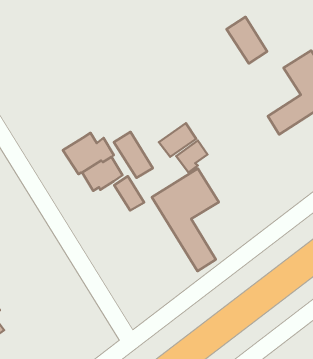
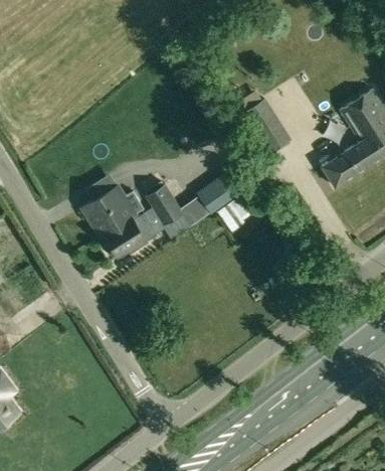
building: [226,17,267,64] -> [244,100,292,154]
building: [152,169,219,271] -> none
building: [114,176,144,210] -> none

